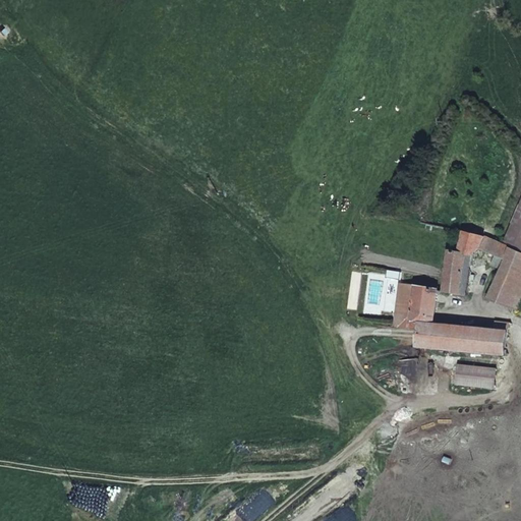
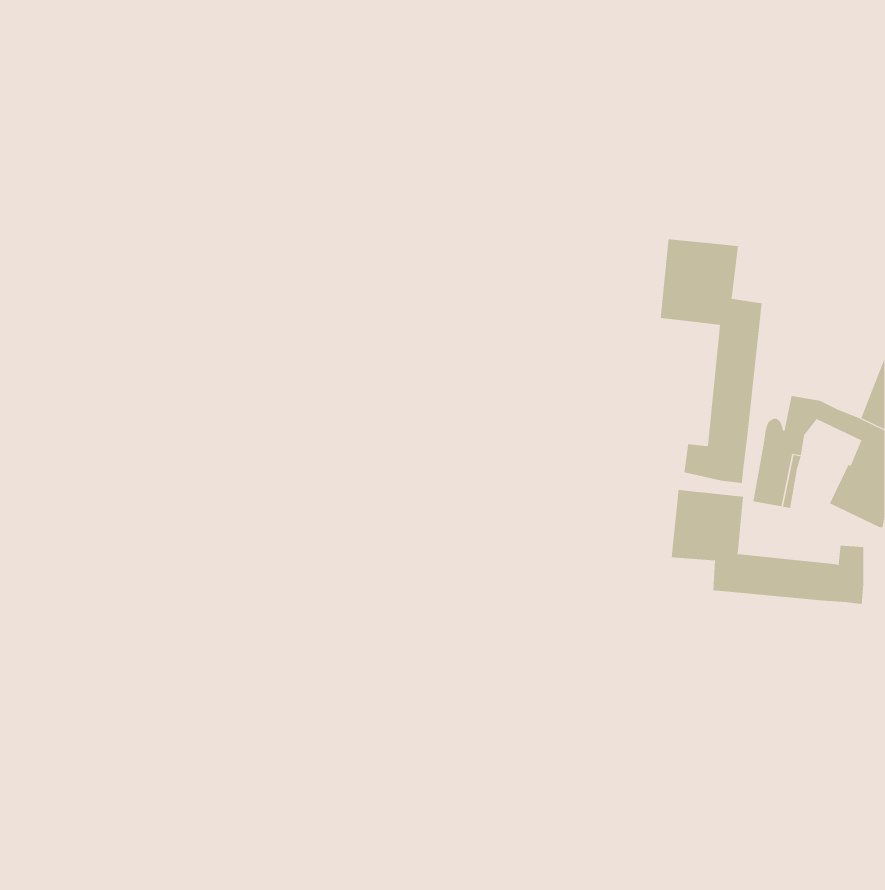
building: none -> [660,238,762,484]
building: [455,363,495,387] -> none

